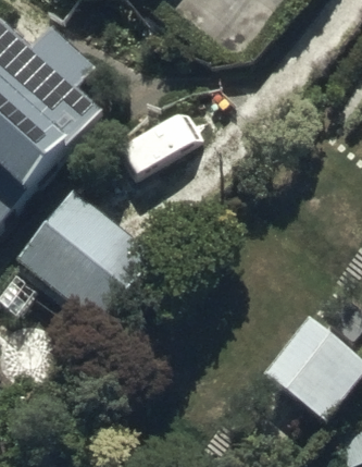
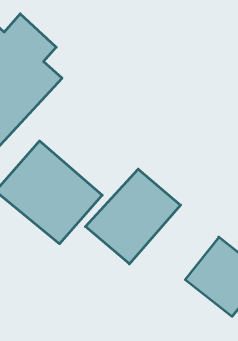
building: none -> [85,169,181,264]

